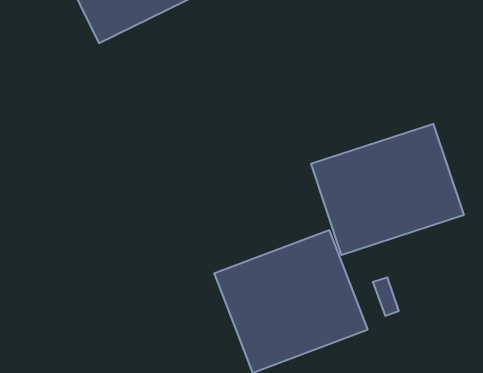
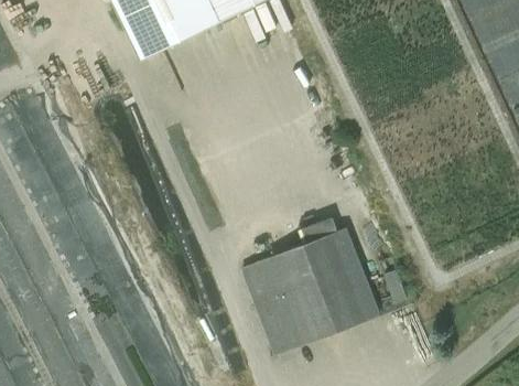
building: [311,124,464,255] -> none

